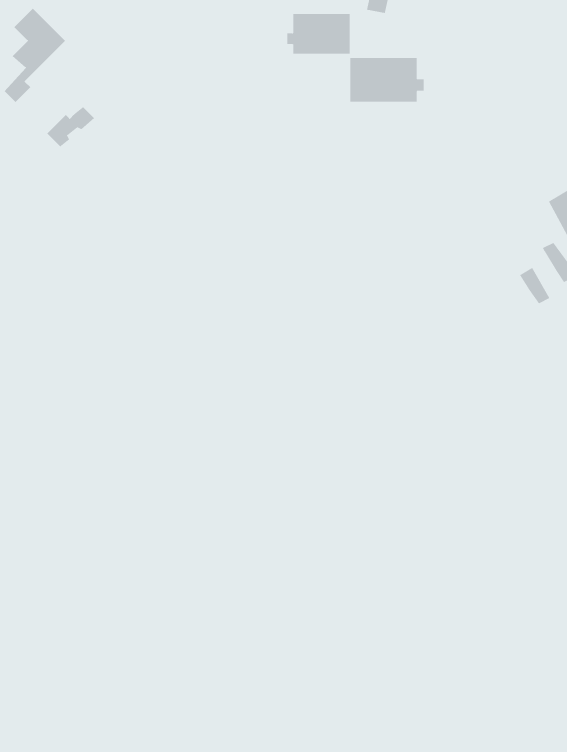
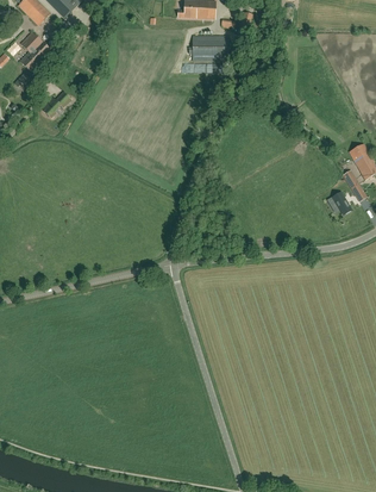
building: [350,57,424,102] -> none

